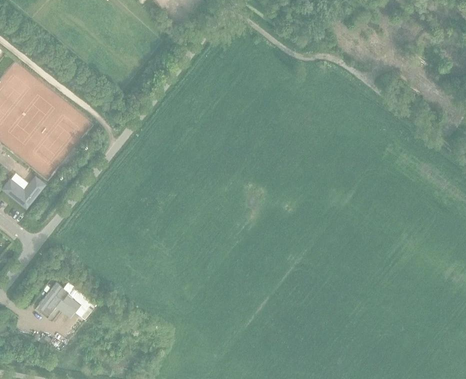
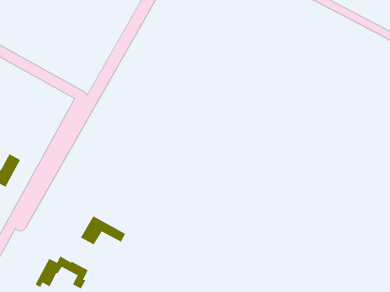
building: none -> [80,216,126,245]

